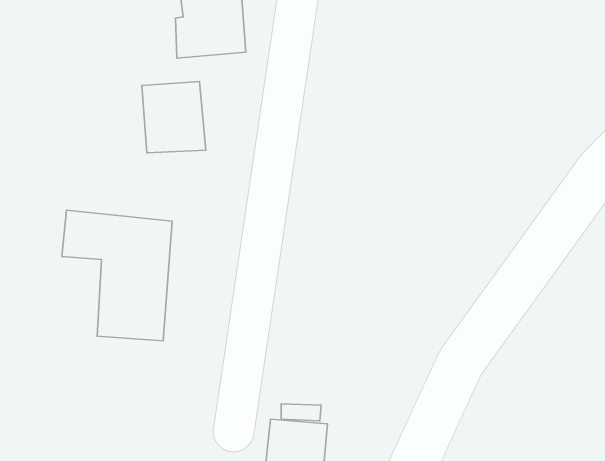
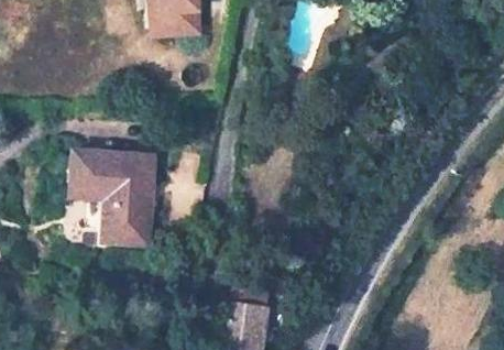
building: [142,81,206,153] -> none

